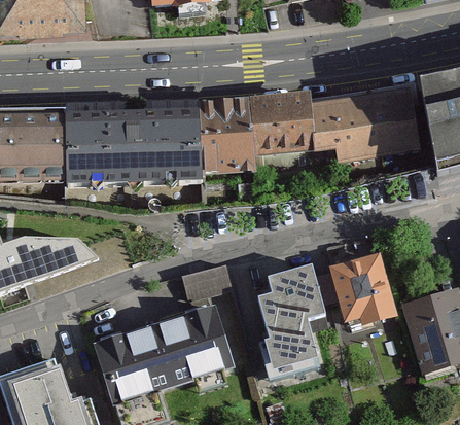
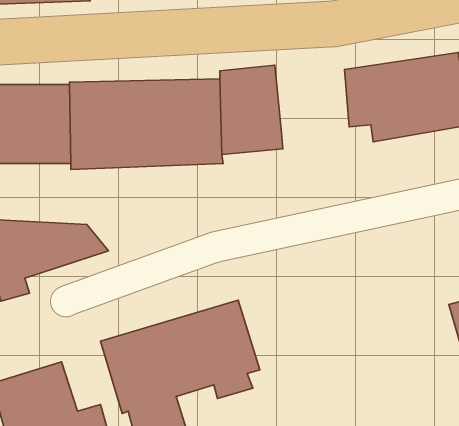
building: [248,87,315,153] -> none
building: [331,255,397,326] -> none
building: [181,262,232,299] -> none
building: [256,262,322,381] -> none

